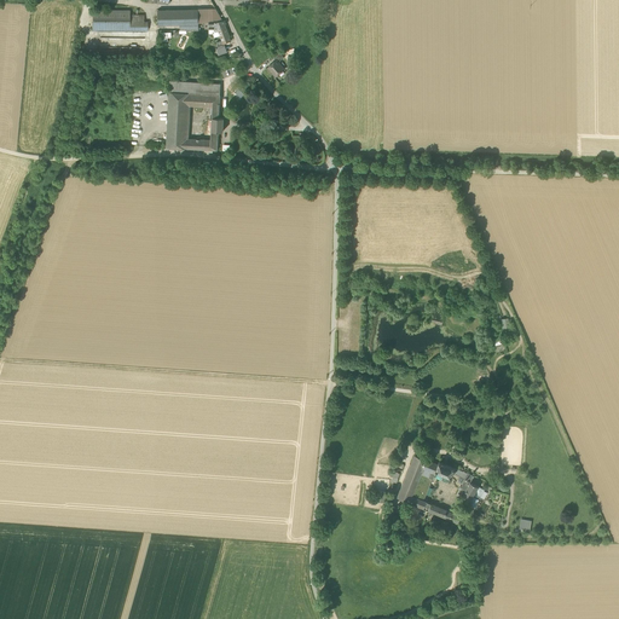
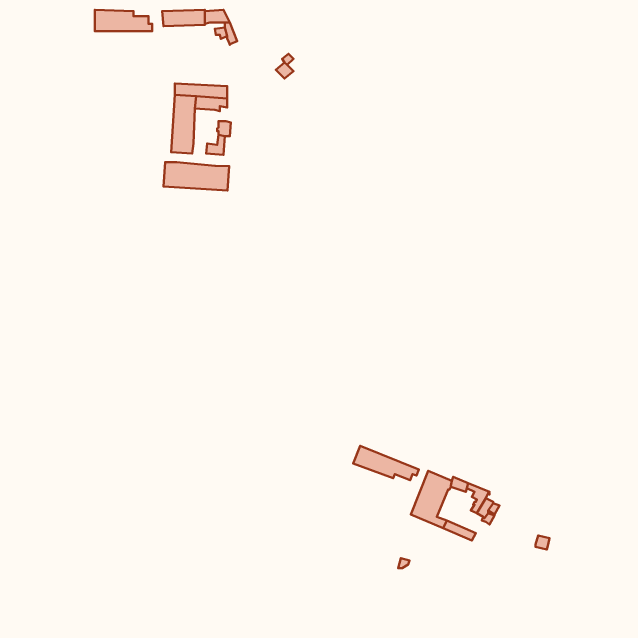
building: none -> [163,162,229,191]
building: none -> [353,446,419,480]

